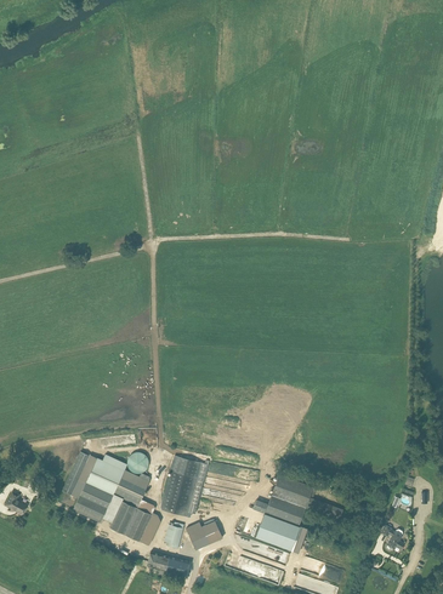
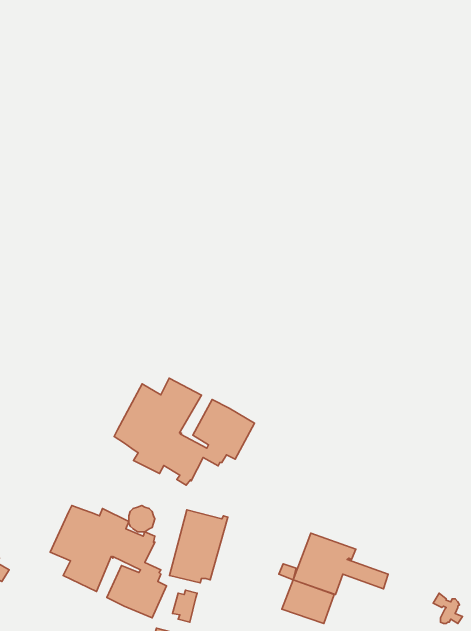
building: none -> [114,378,254,485]
building: [186,520,223,549] -> none

